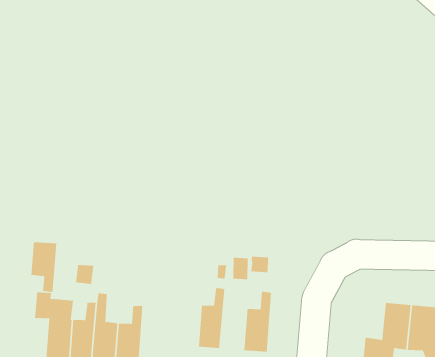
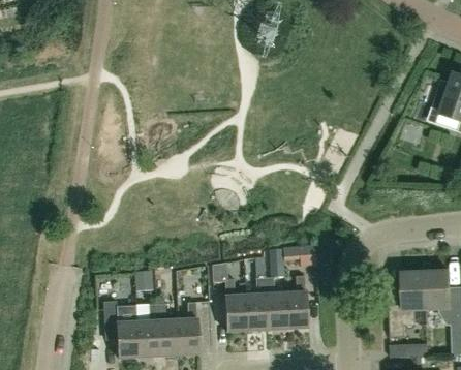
building: [31,241,57,293] -> none
building: none -> [224,278,247,331]
building: none -> [264,276,286,329]

